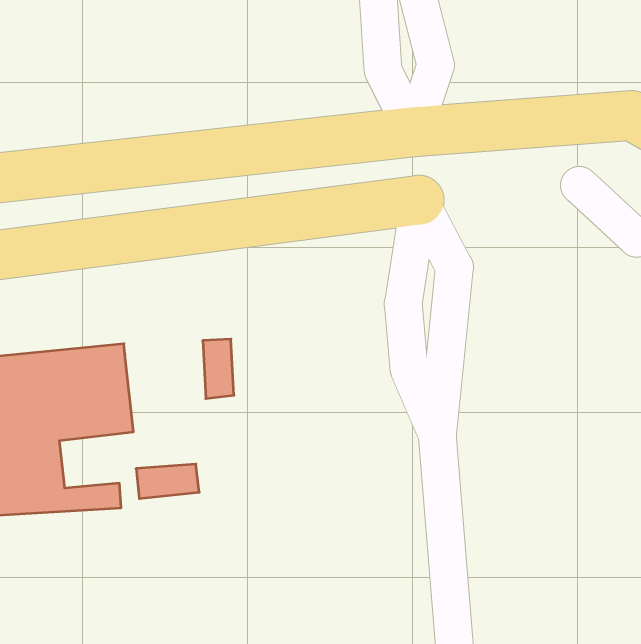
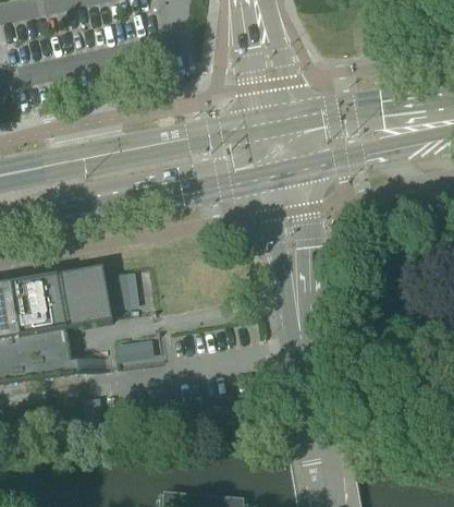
building: [203,339,234,399] -> [116,267,138,305]

